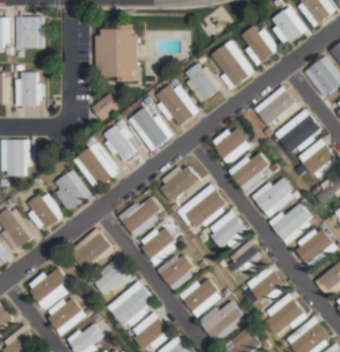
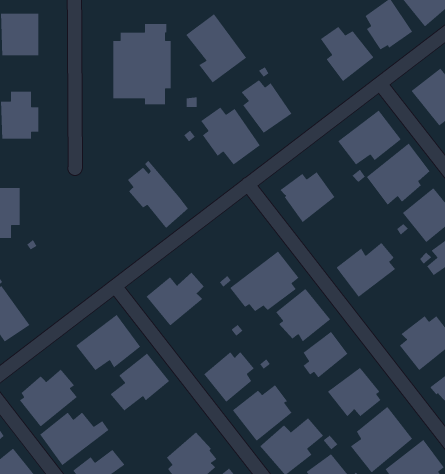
building: [210,38,254,87] -> [185,13,247,84]
building: [90,92,119,120] -> none
building: [131,107,172,151] -> none
building: [73,137,118,188] -> none
building: [228,152,269,190] -> none
building: [158,165,201,202] -> none
building: [54,168,90,210] -> none
building: [26,193,65,229] -> none
building: [268,202,311,243] -> none
building: [139,228,175,265] -> none
building: [106,281,152,329] -> none

